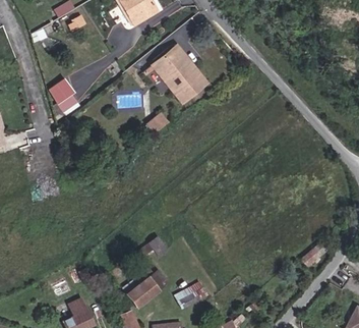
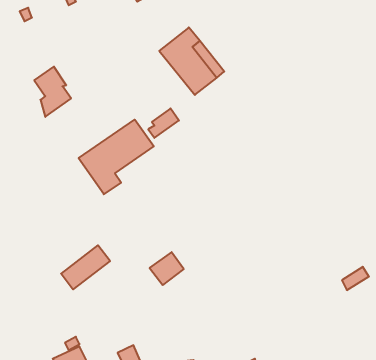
building: none -> [79,120,154,194]
building: [126,269,167,306] -> [61,245,110,289]
building: [174,281,206,308] -> none

